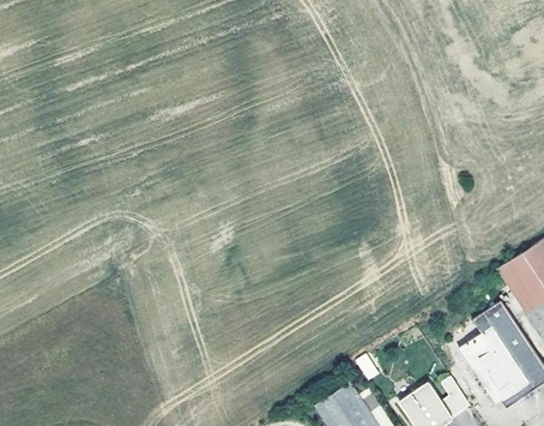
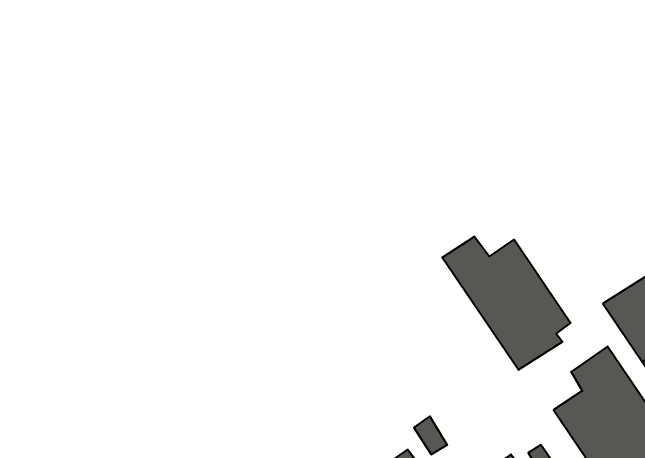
building: none -> [442,236,571,370]

